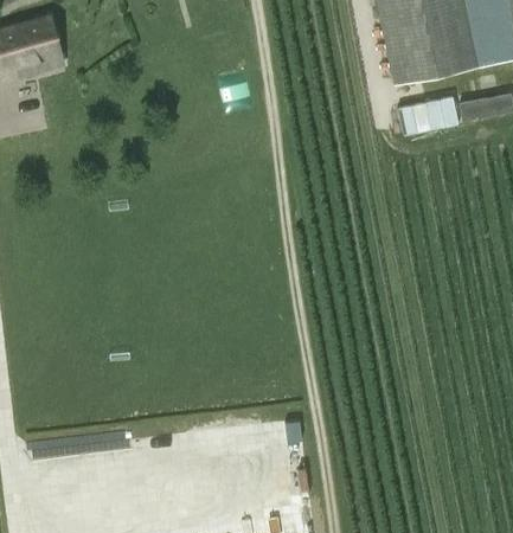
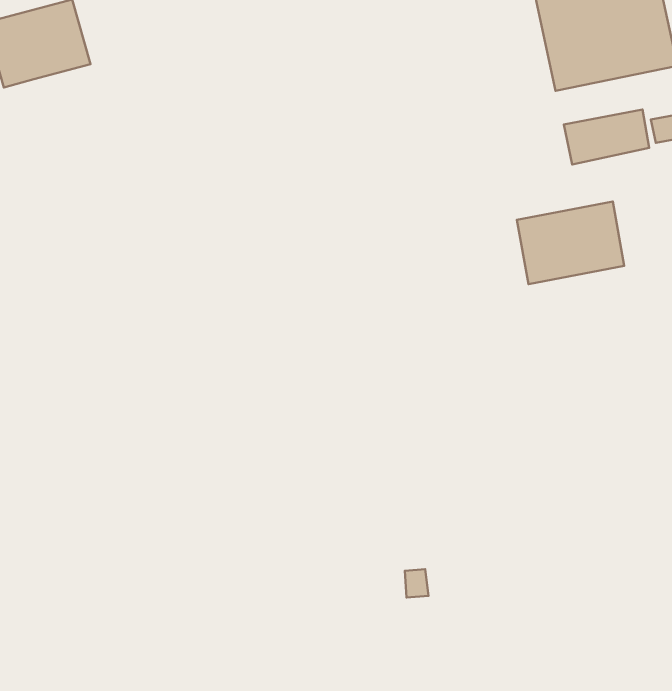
building: none -> [517,201,624,284]

